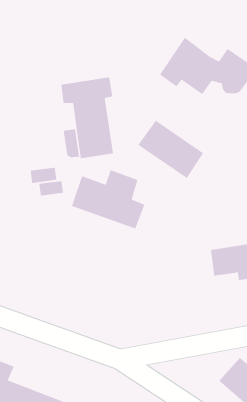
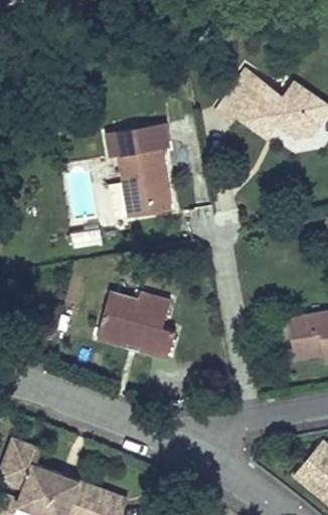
building: [137,120,204,179] -> none
building: [71,170,145,229] -> [89,284,176,354]

